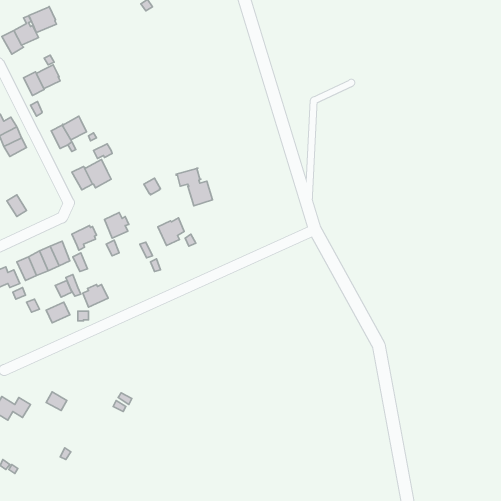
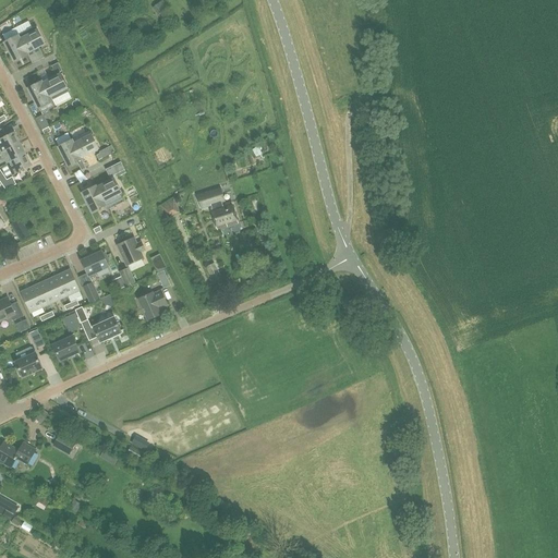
building: [29,6,56,33] -> none
building: [158,218,184,245] -> [136,288,166,318]
building: none -> [14,345,40,374]

